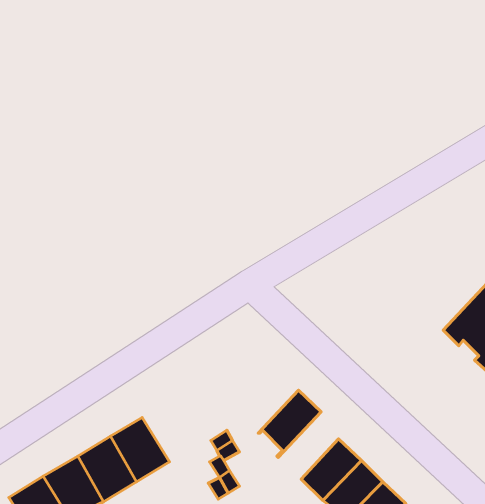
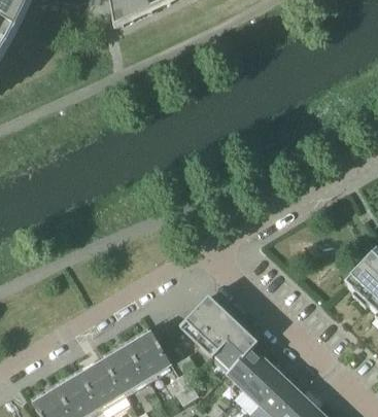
building: none -> [178,293,240,355]
building: none -> [128,329,171,376]
building: none -> [226,340,269,388]

